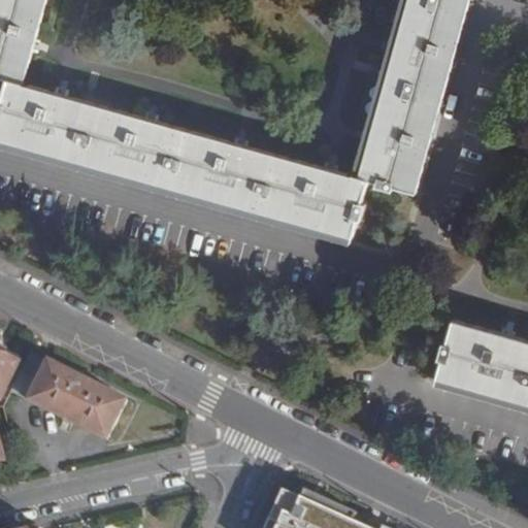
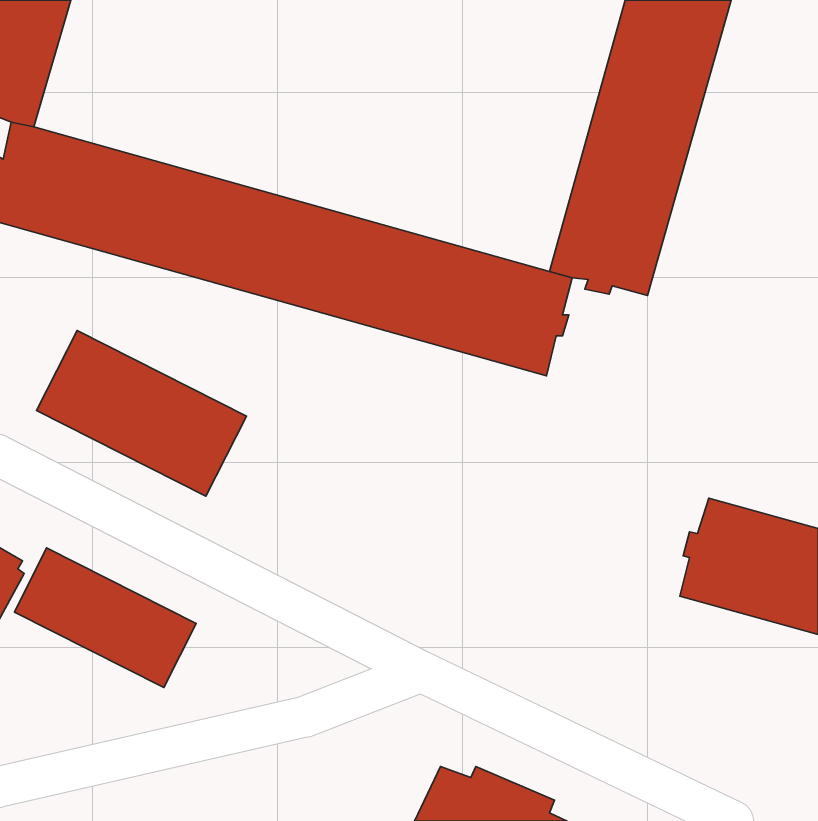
building: none -> [36,331,247,496]

